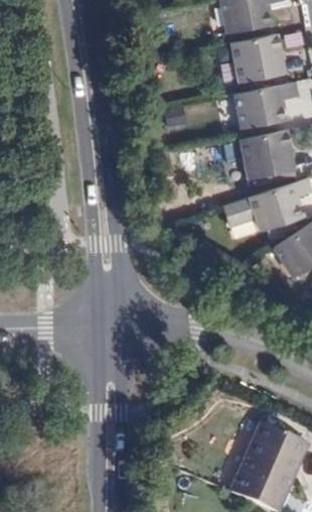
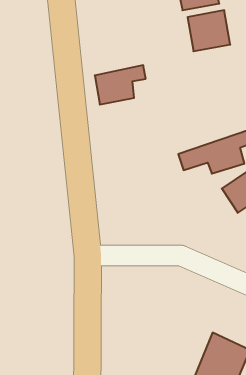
building: [237,82,298,129] -> [95,65,146,105]
building: [240,130,293,186] -> none

